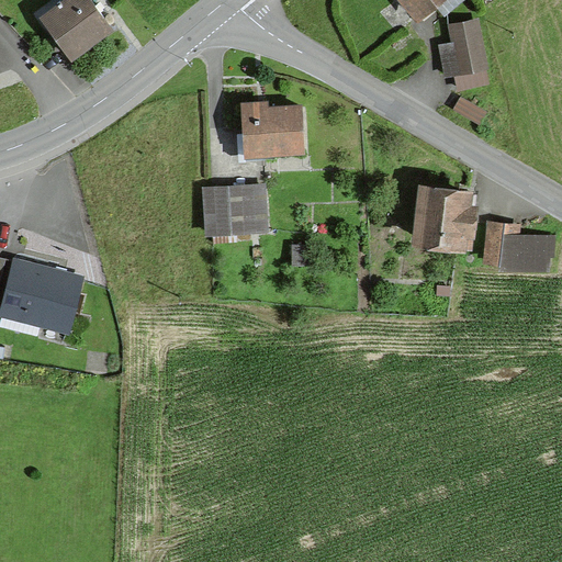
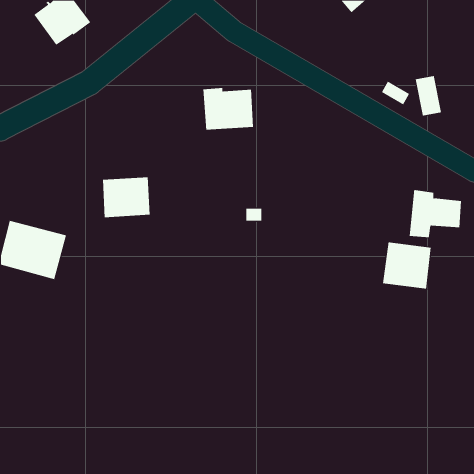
building: [450,22,482,70] -> [415,75,442,116]
building: [204,186,261,234] -> [102,177,150,218]
building: [415,189,473,245] -> [382,242,431,289]

